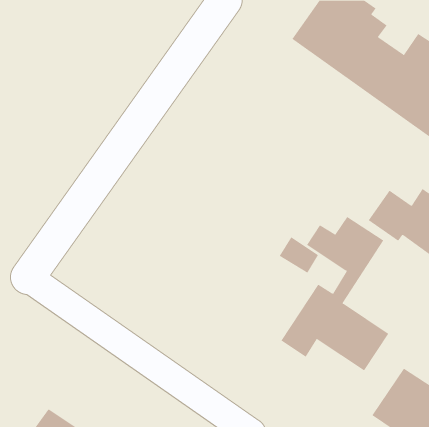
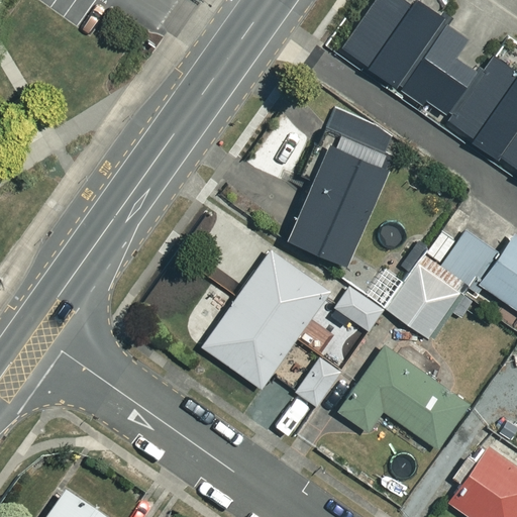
building: none -> [289,136,387,261]
building: none -> [202,249,344,410]

